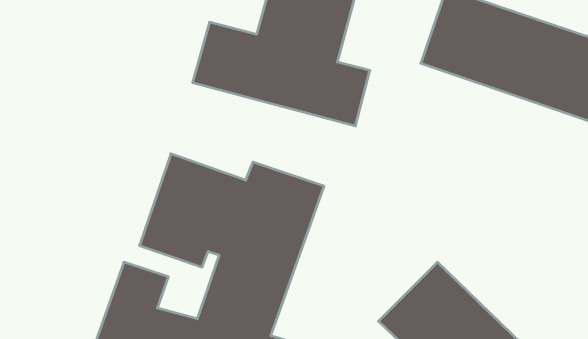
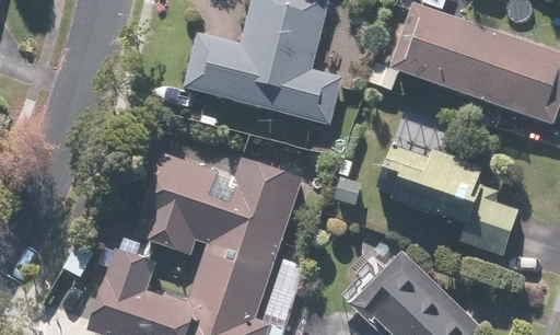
building: none -> [380,146,518,255]

